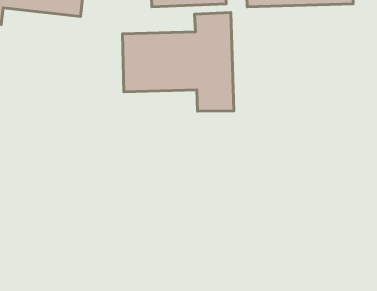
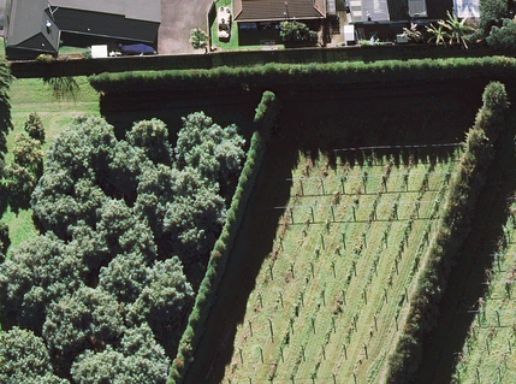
building: [123,13,234,111] -> none

